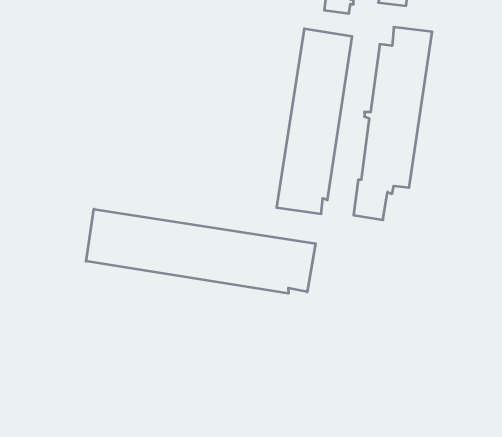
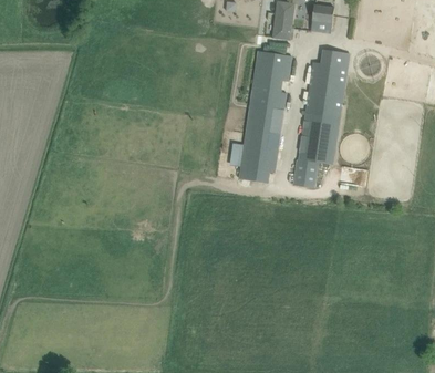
building: [86,209,316,293] -> none

